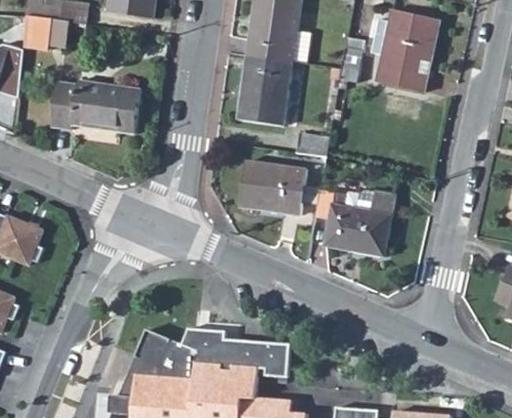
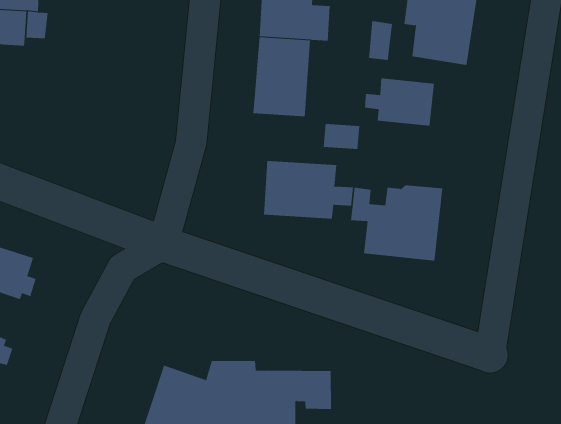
building: [50,80,141,134] -> none
building: none -> [365,78,435,127]

